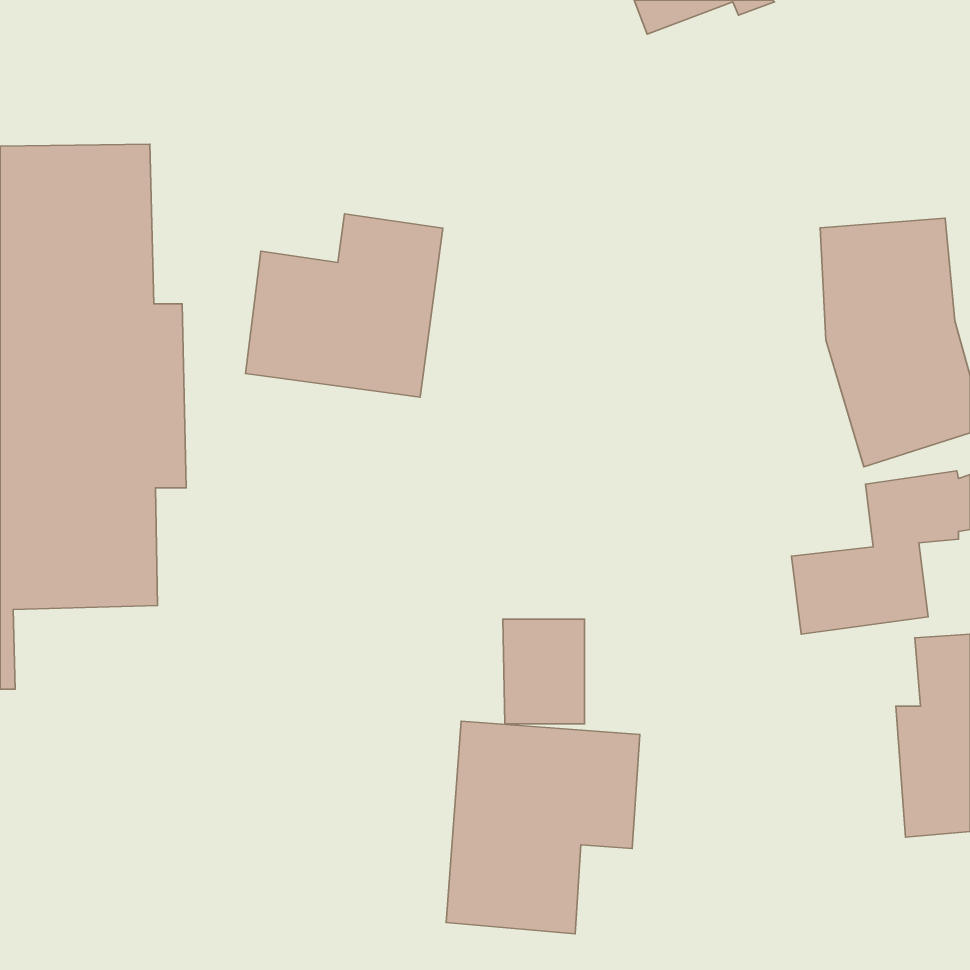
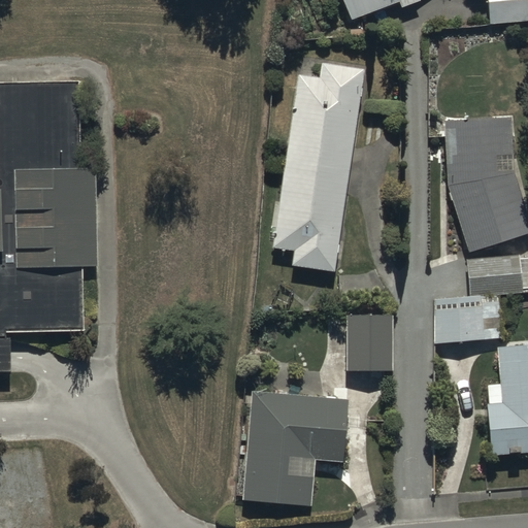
building: none -> [271,63,363,268]
building: [246,214,443,397] -> none
building: [503,619,585,724] -> [348,315,392,371]

